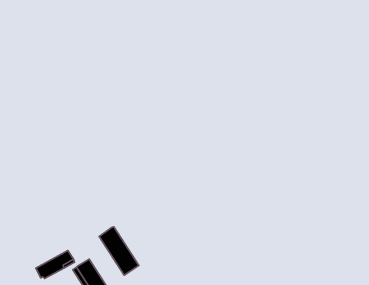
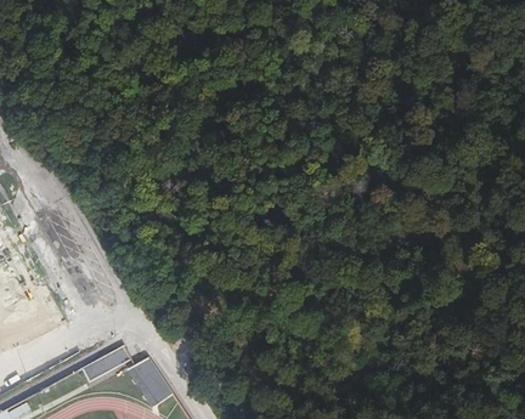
building: [99,227,139,275] -> none

